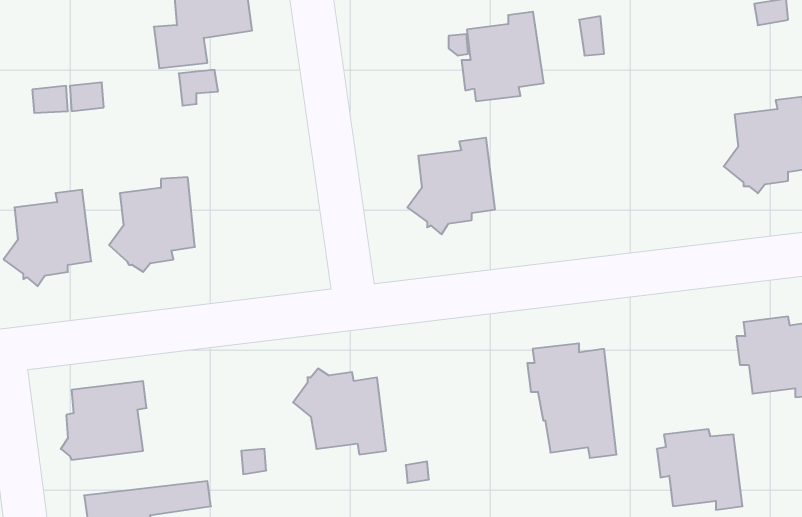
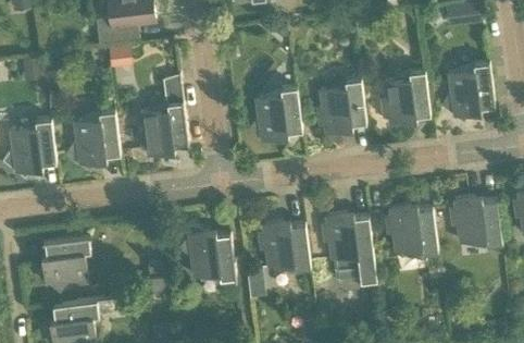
building: [462,12,544,101] -> [316,76,366,131]
building: none -> [380,69,429,123]
building: none -> [141,76,188,154]
building: none -> [262,219,310,268]
building: [657,429,743,510] -> [385,203,437,252]

